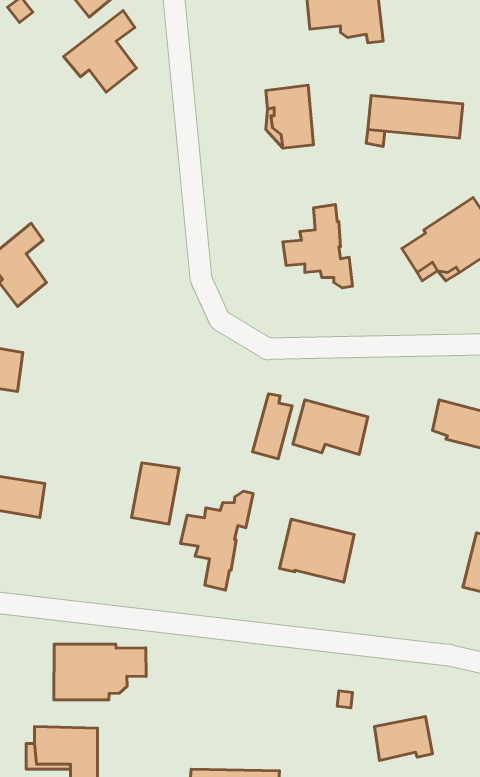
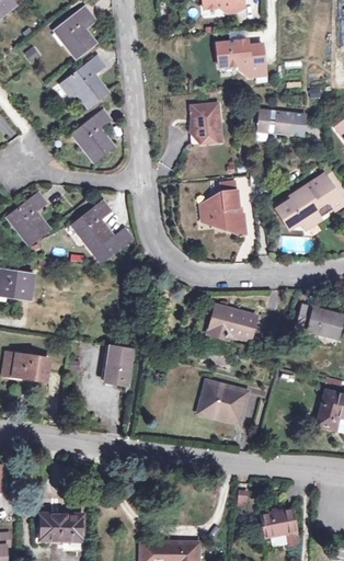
building: none -> [73,108,113,161]
building: none -> [73,199,133,261]
building: [253,394,292,459] -> none
building: [180,491,253,590] -> none
building: [54,644,146,700] -> none

